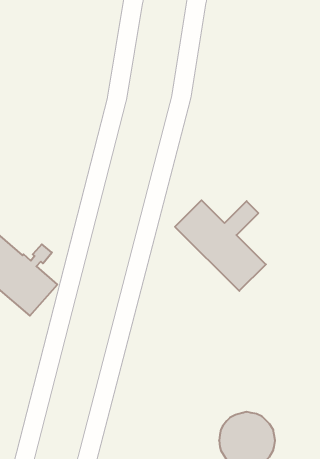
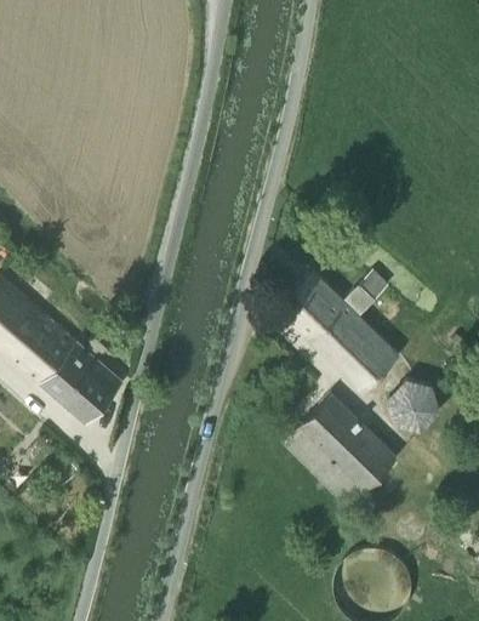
building: none -> [387,380,440,432]
building: none -> [281,392,397,507]

